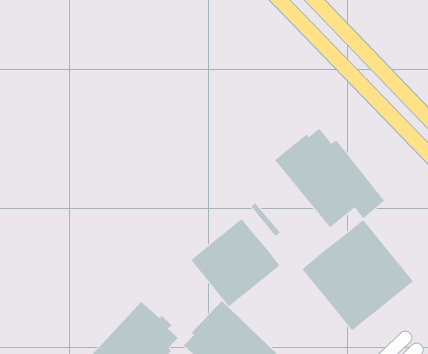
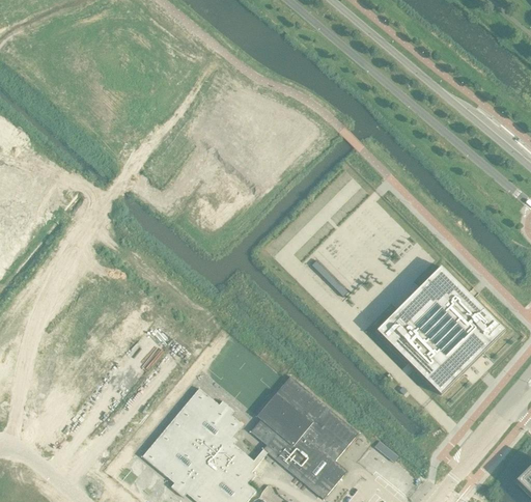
building: [274,128,385,228] -> none
building: [190,218,280,307] -> none

